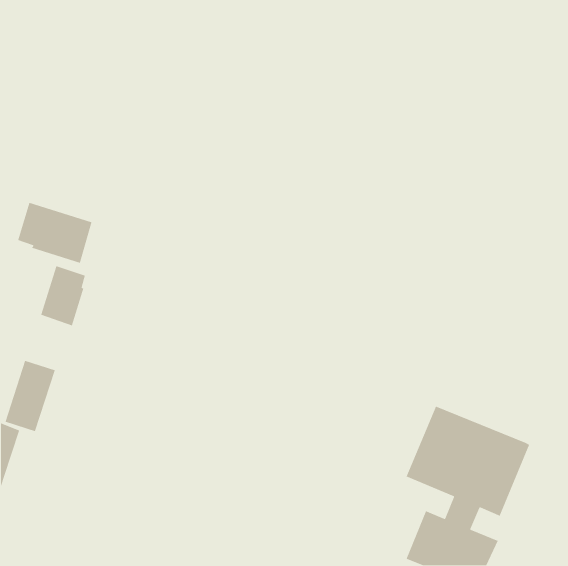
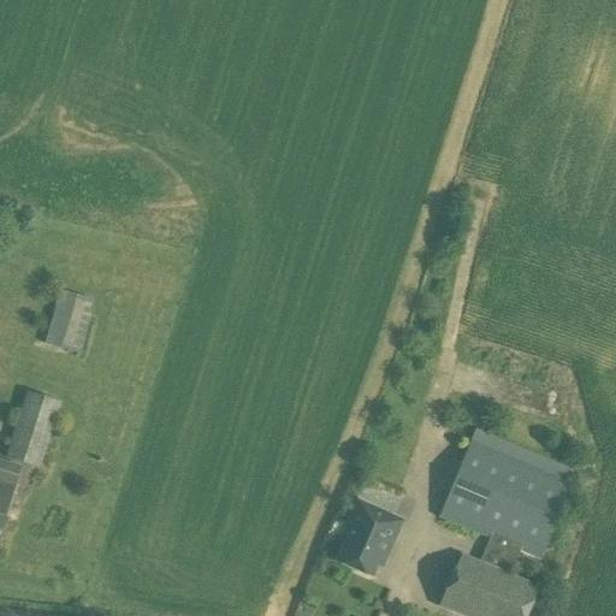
building: [17,202,92,264] -> none
building: none -> [338,499,403,574]

